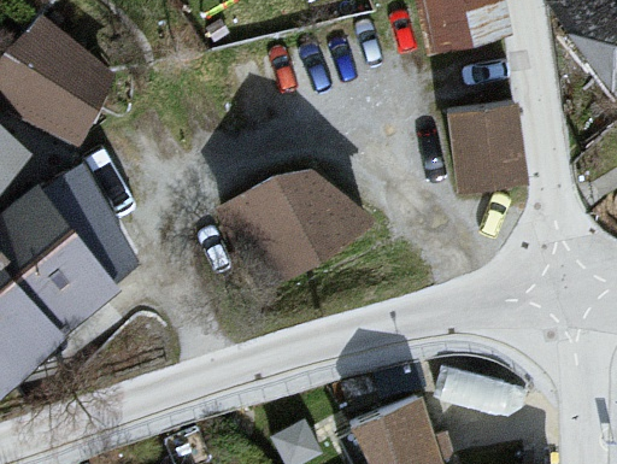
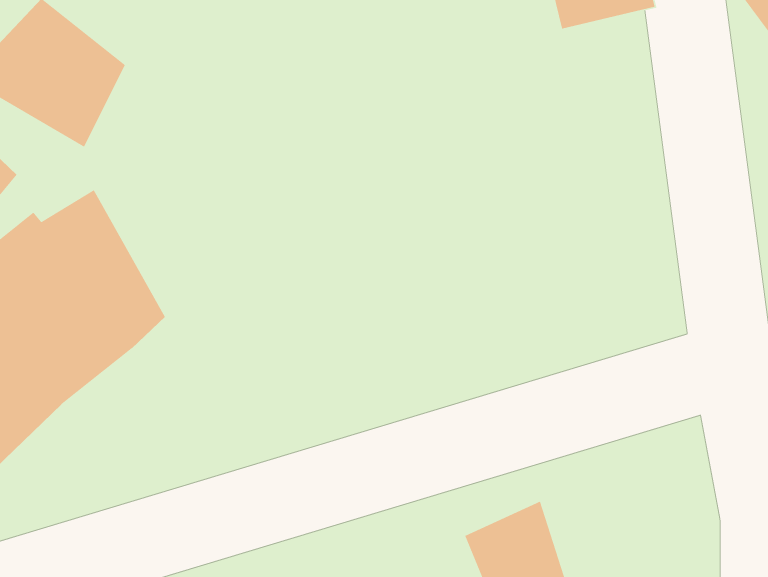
building: [453,108,523,188] -> none
building: [227,178,364,286] -> none

